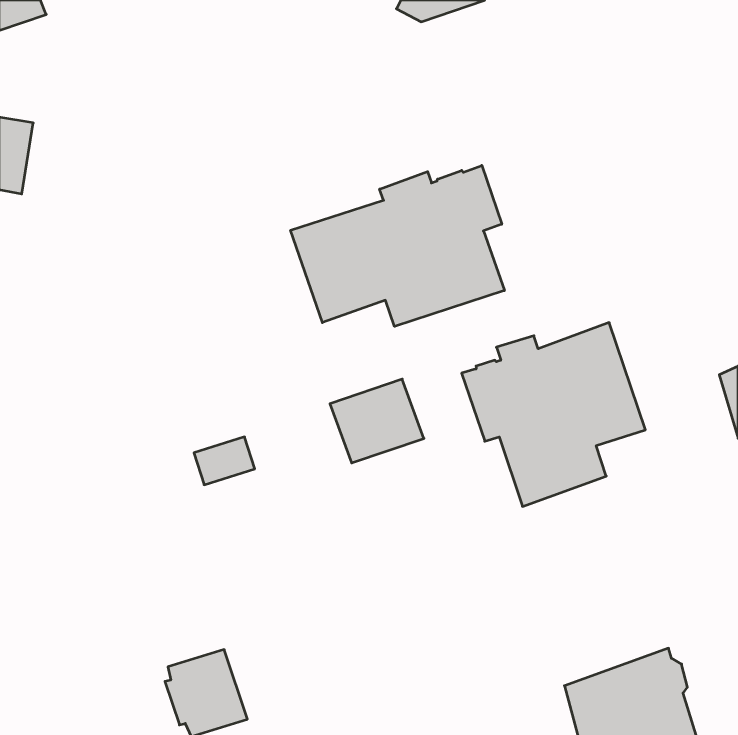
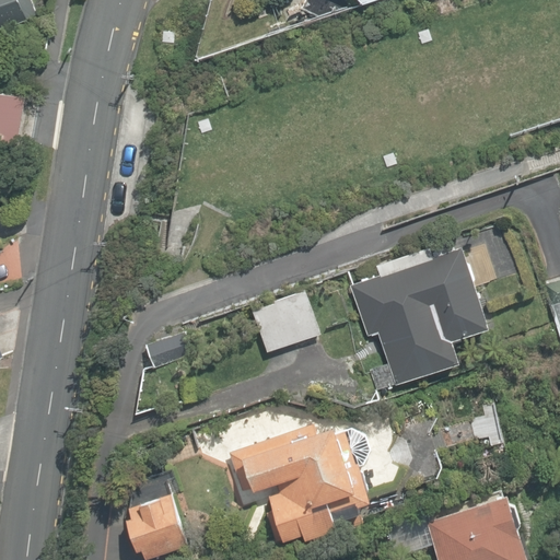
building: [291,165,504,326] -> none
building: none -> [229,425,370,541]

